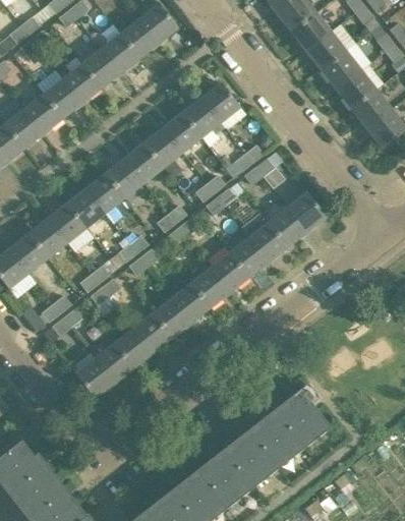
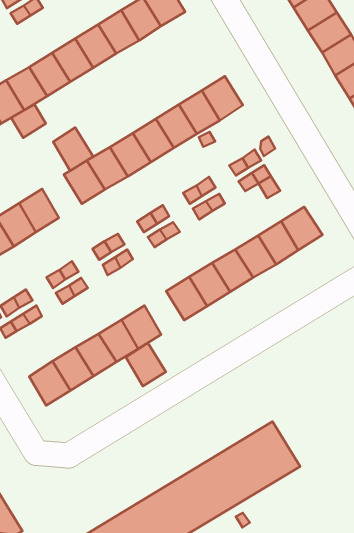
building: none -> [11,105,46,138]
building: [67,188,105,228] -> [53,127,93,171]
building: [172,283,210,323] -> [126,343,166,386]

